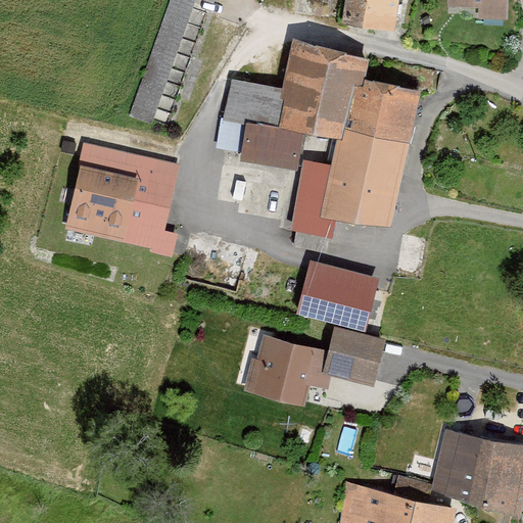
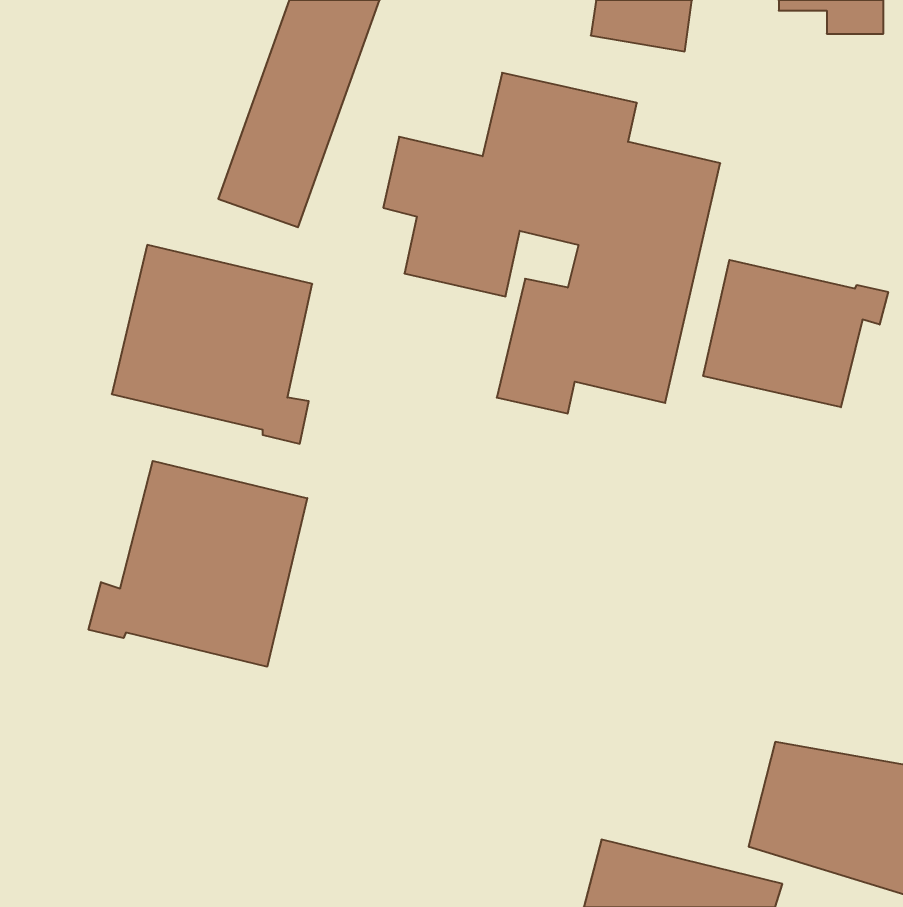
building: none -> [703,260,888,407]
building: [246,259,386,403] -> none
building: none -> [89,461,307,667]

